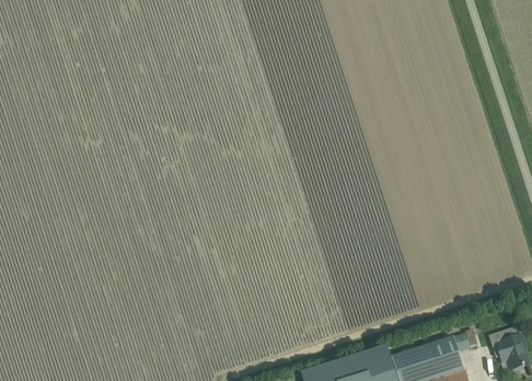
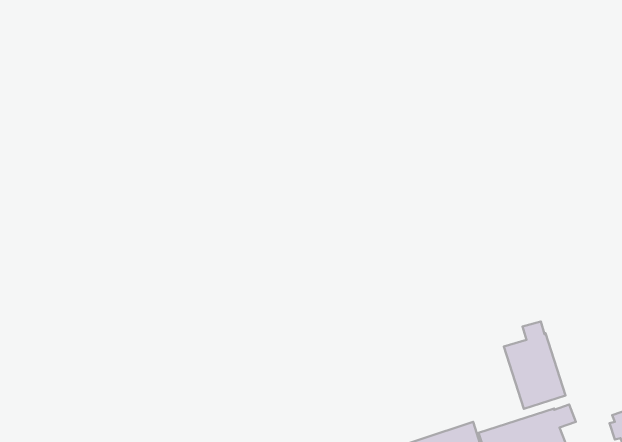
building: none -> [504,321,566,409]

